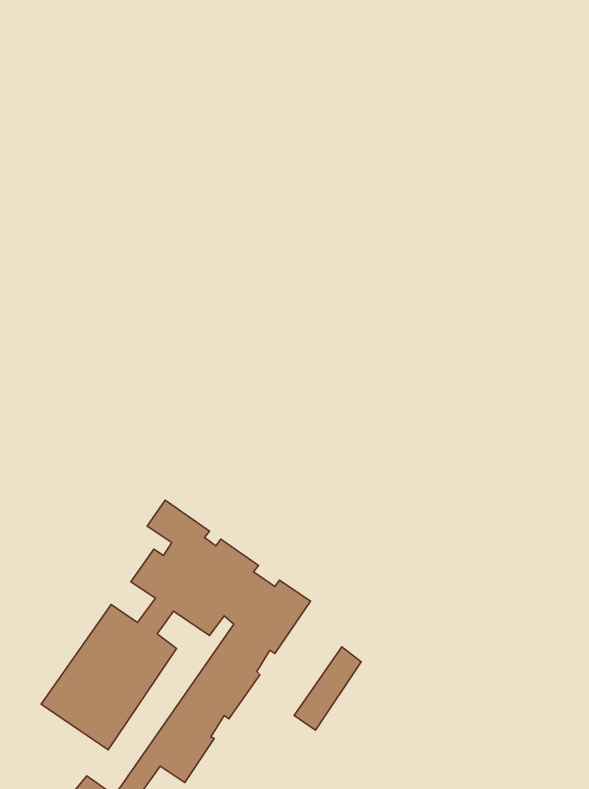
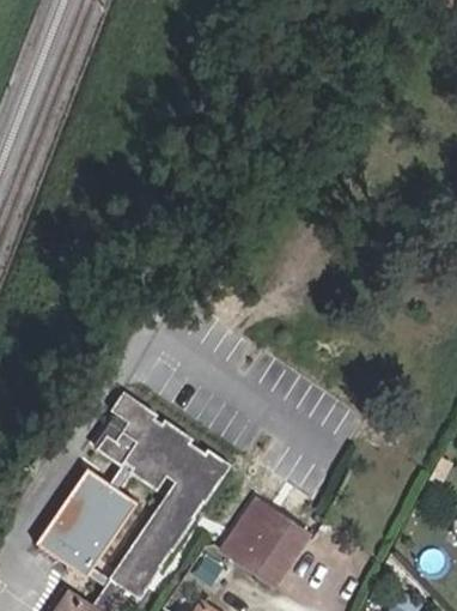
building: none -> [236,510,305,583]

